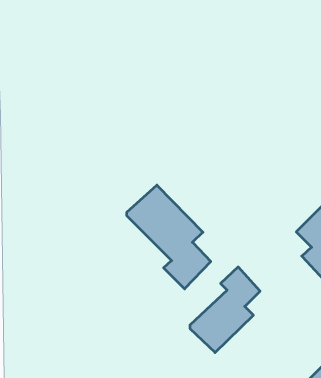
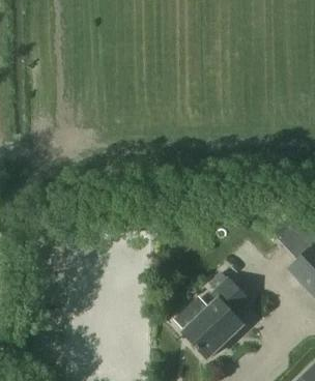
building: [127,185,211,289] -> none

